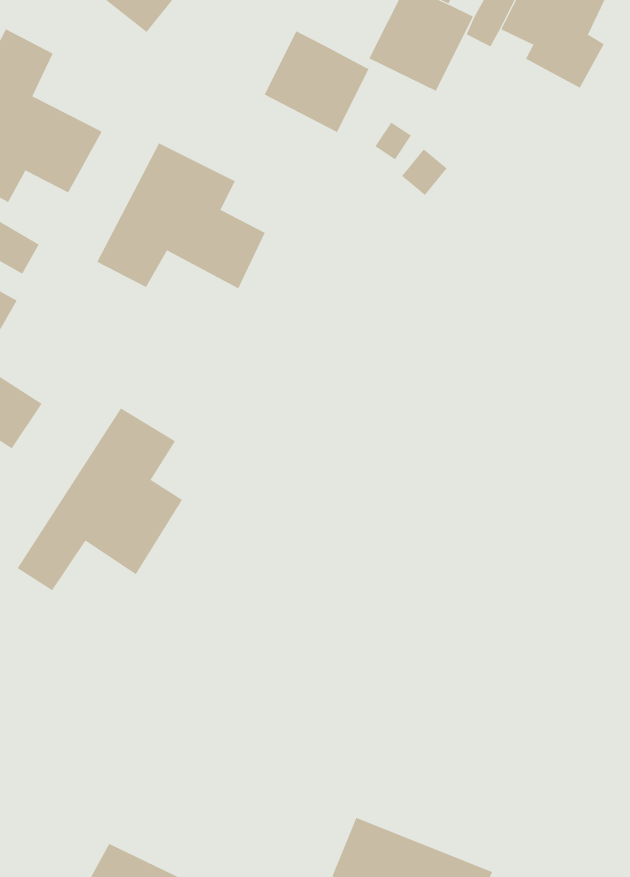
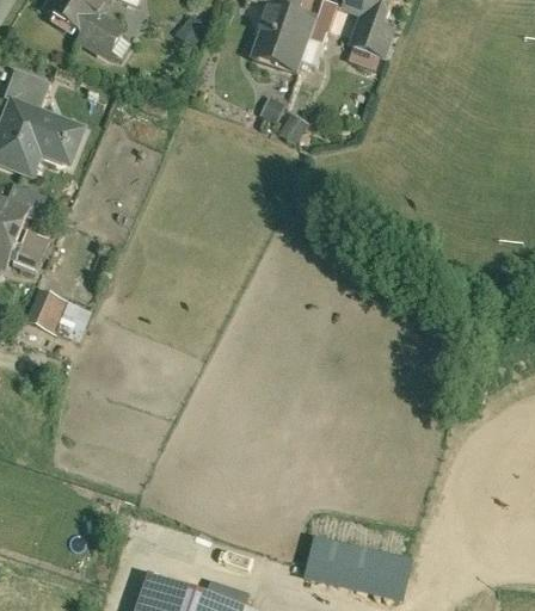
building: [264,31,370,133] -> none
building: [96,142,266,289] -> none
building: [17,407,183,591] -> none

